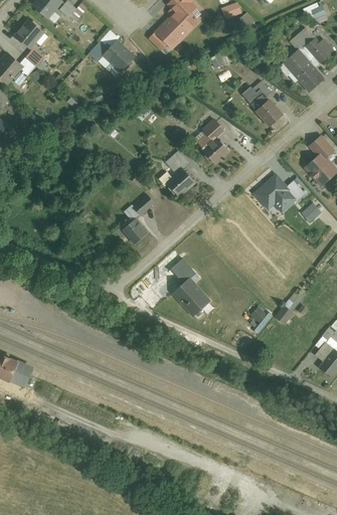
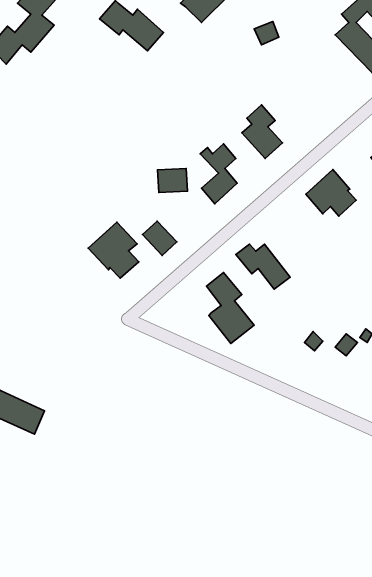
building: [245,82,283,125] -> none
building: none -> [158,169,188,193]
building: none -> [88,222,139,278]
building: none -> [236,244,290,289]

